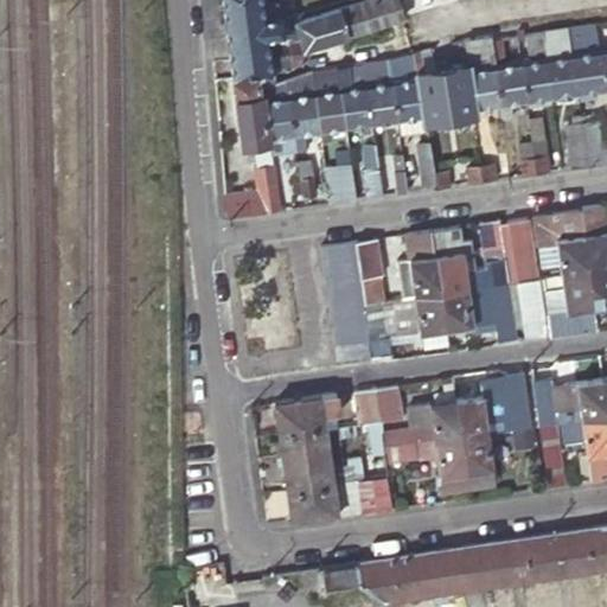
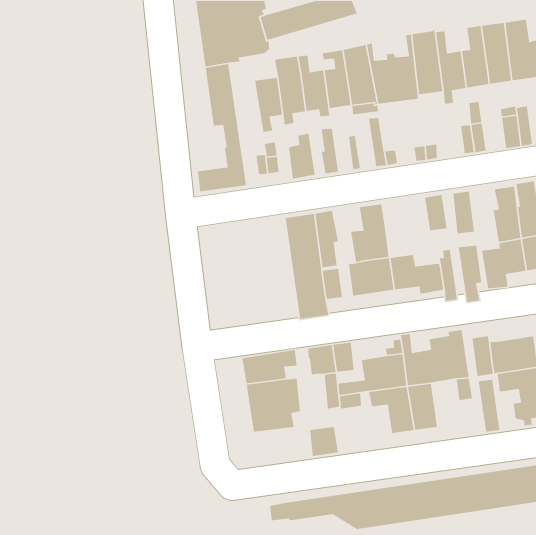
building: [261,75,299,158] -> none
building: [433,231,468,294] -> none
building: [288,485,338,523] -> none

